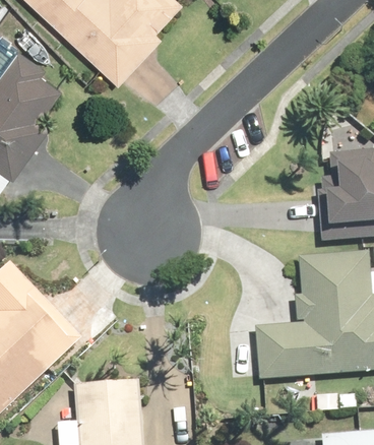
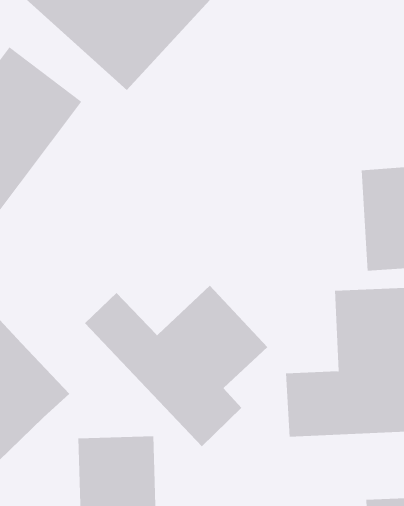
building: none -> [84,285,268,447]

